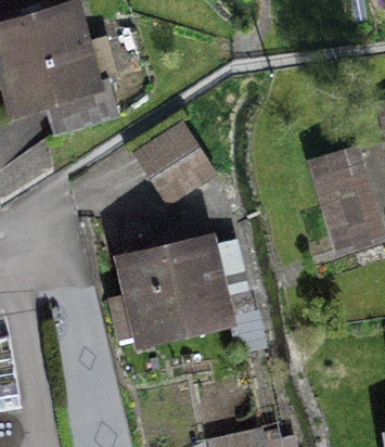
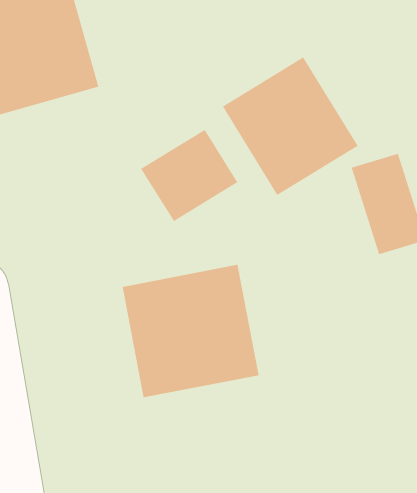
building: none -> [222,56,358,196]

